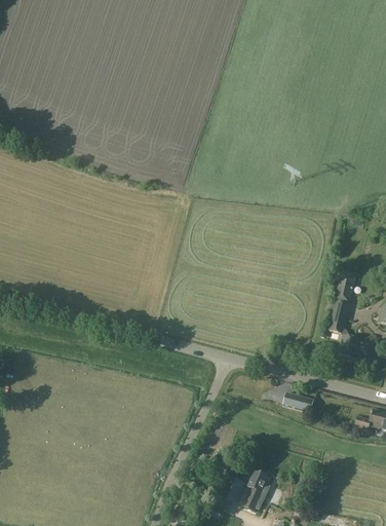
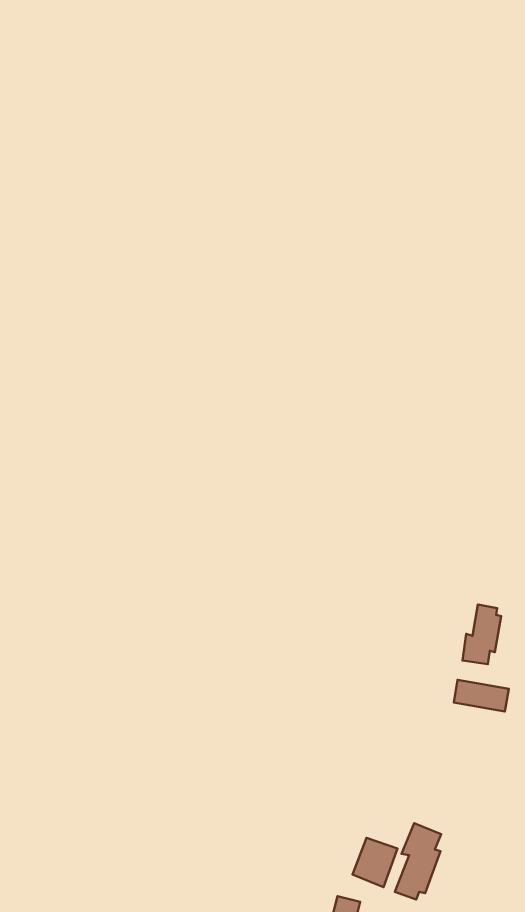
building: none -> [462,604,501,664]

